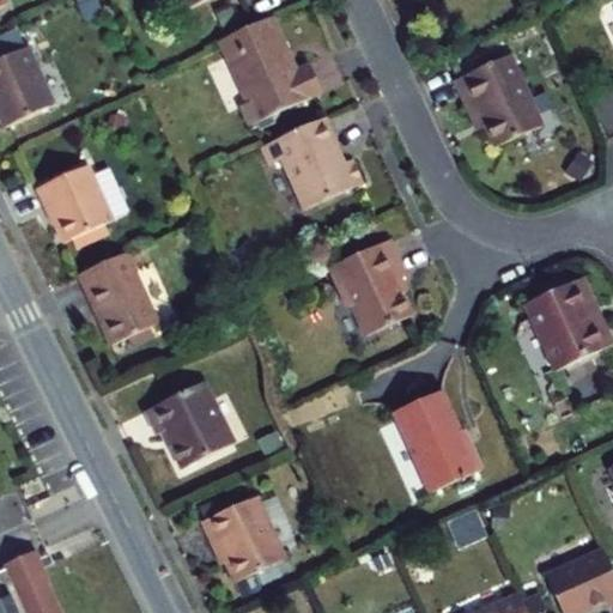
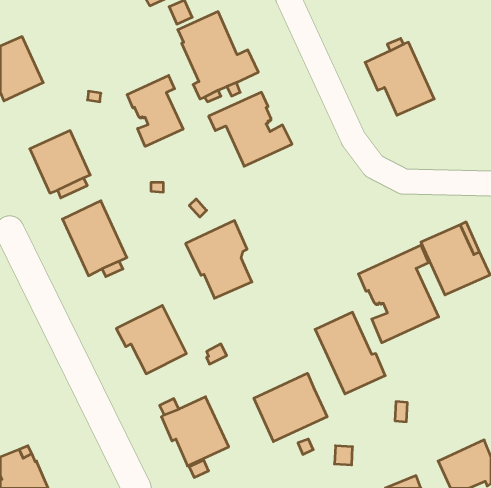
building: none -> [127,75,183,146]
building: [328,237,411,334] -> [186,221,252,298]
building: none -> [358,245,439,343]
building: none -> [254,373,327,442]

